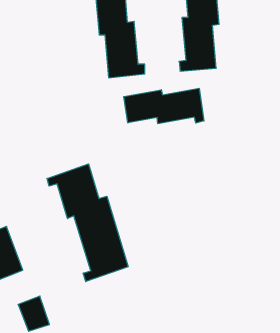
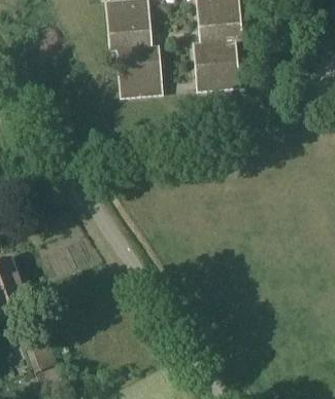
building: [124,88,204,124] -> none
building: [47,164,128,282] -> none

